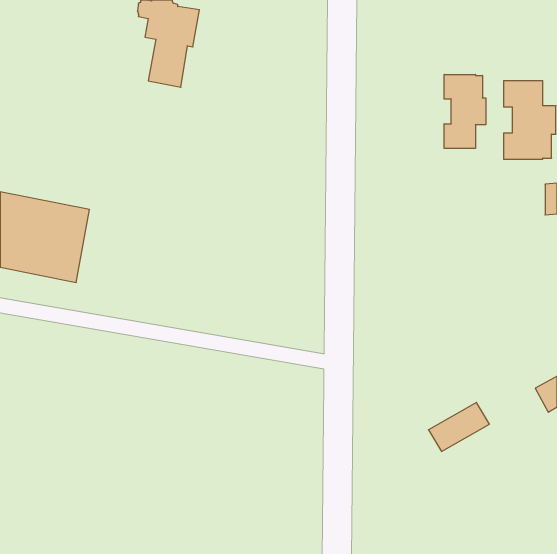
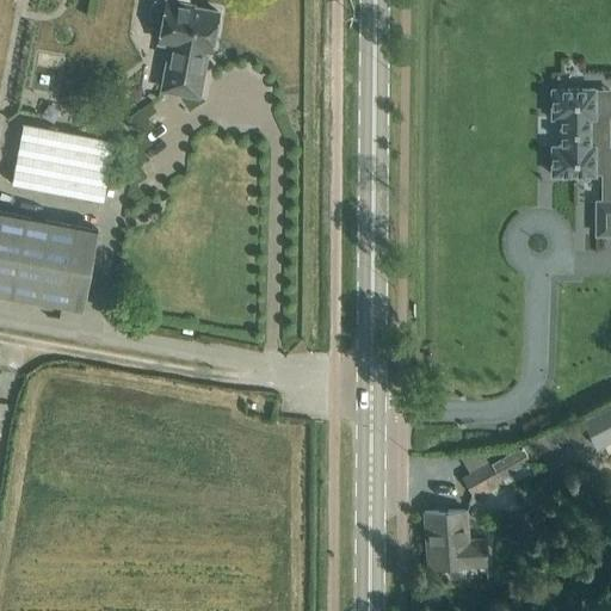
building: [444,74,486,148] -> none
building: none -> [12,126,115,204]
building: none -> [425,511,487,572]

